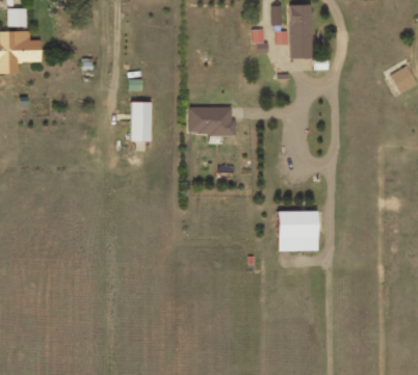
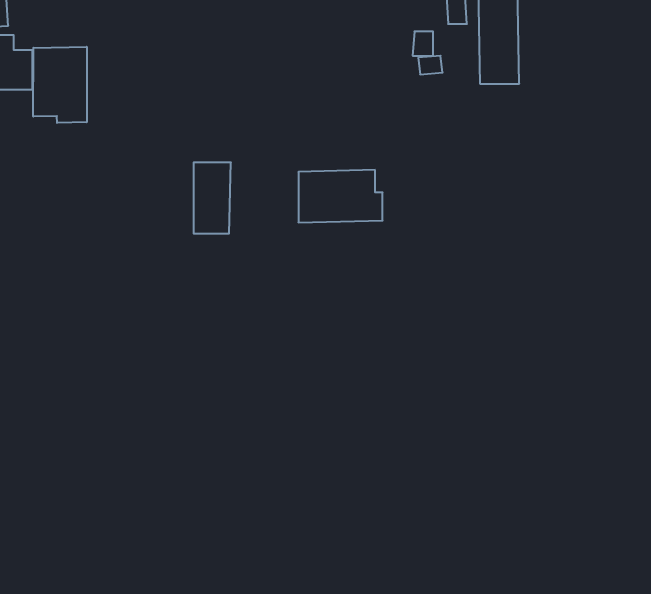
building: none -> [33,47,87,123]
building: [279,212,317,250] -> none

